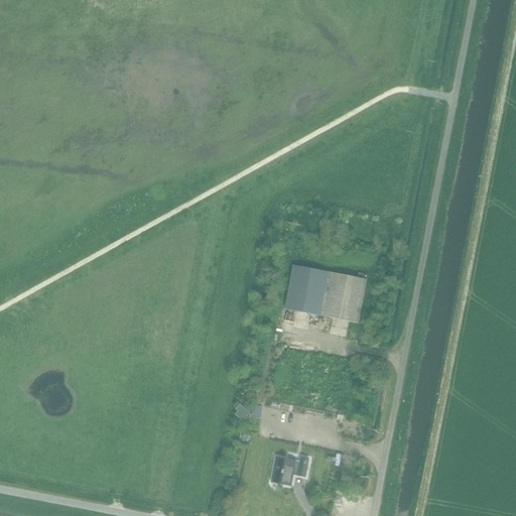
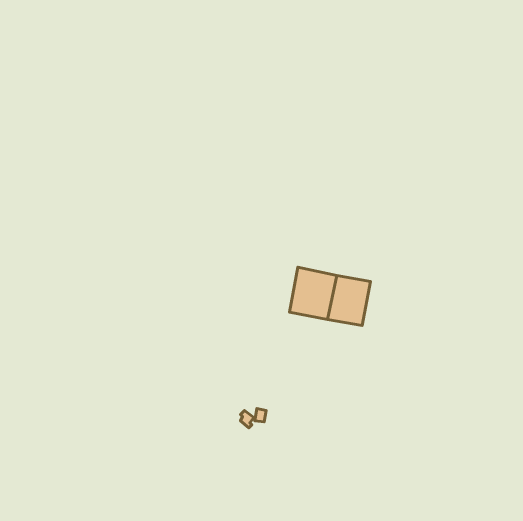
building: [271,456,308,484] -> none

